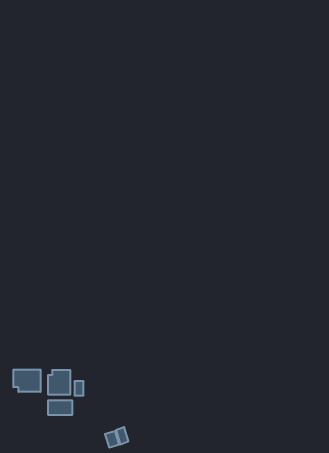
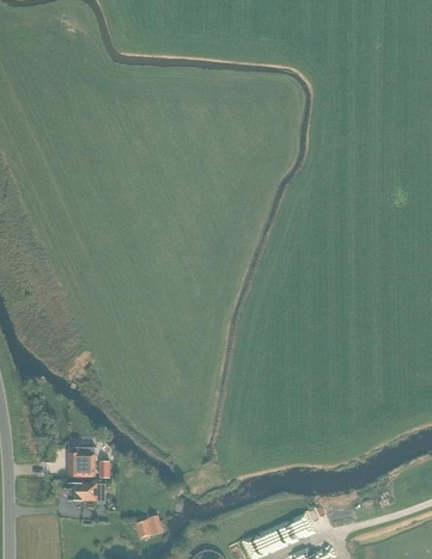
building: [13,370,41,392] -> none

